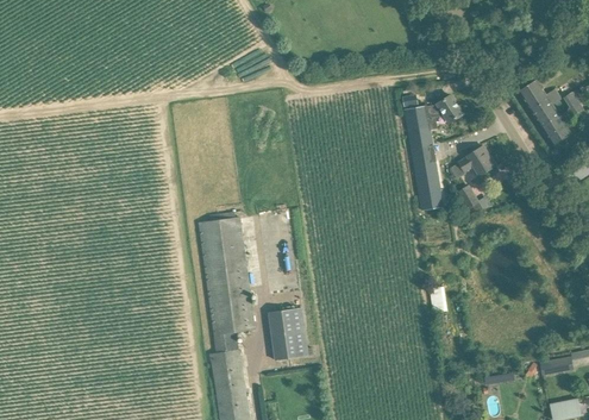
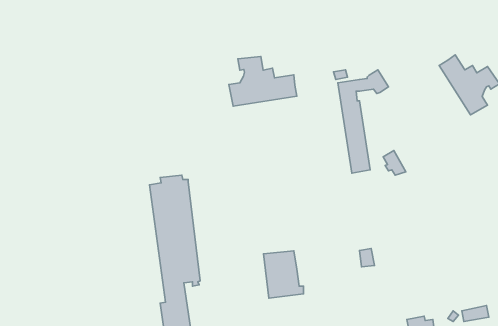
building: none -> [229,56,297,106]
building: [451,146,495,178] -> none
building: [268,308,312,361] -> [264,251,303,298]

